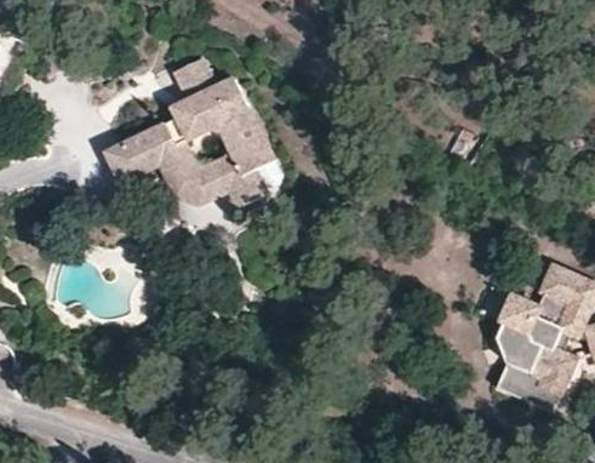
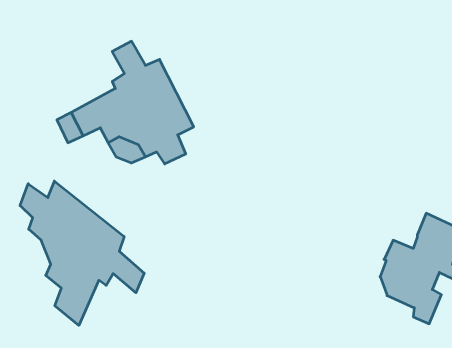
building: none -> [20,181,144,325]
building: [496,362,556,411] -> none

